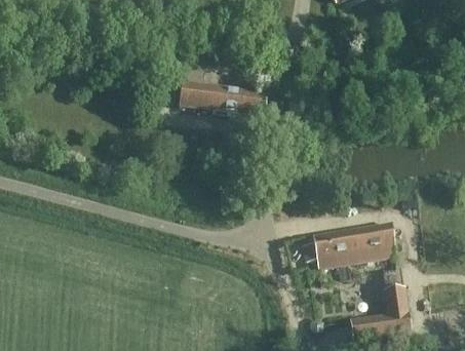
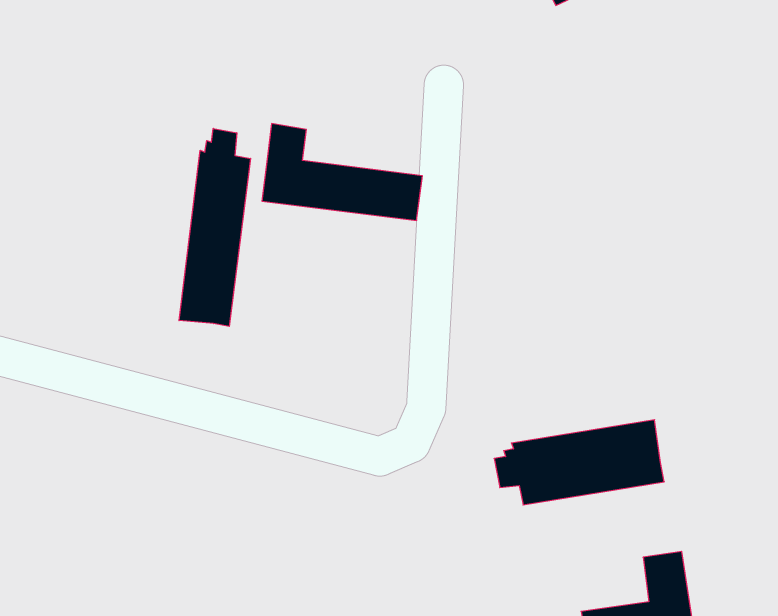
building: none -> [179,128,251,326]

